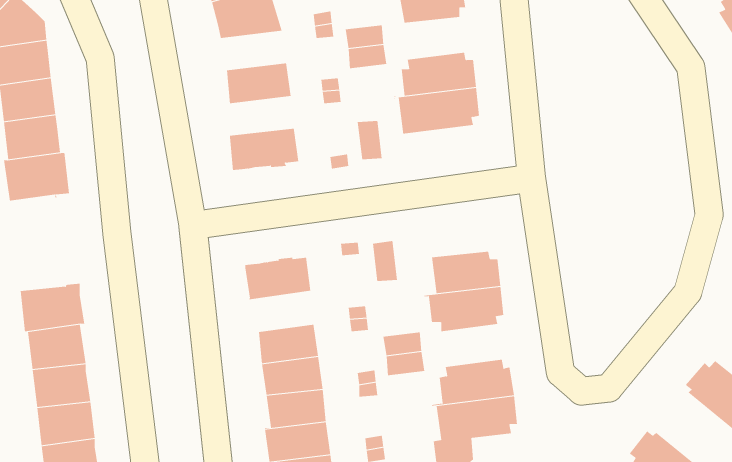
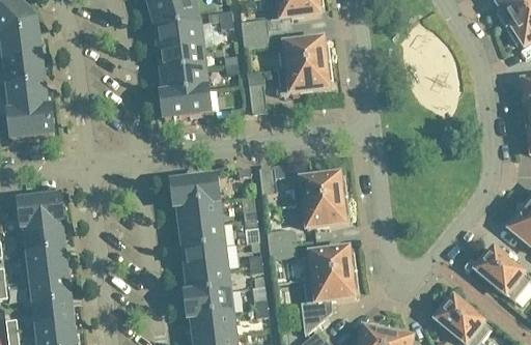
building: none -> [156,23,201,50]
building: none -> [161,67,206,94]
building: none -> [175,200,220,228]

